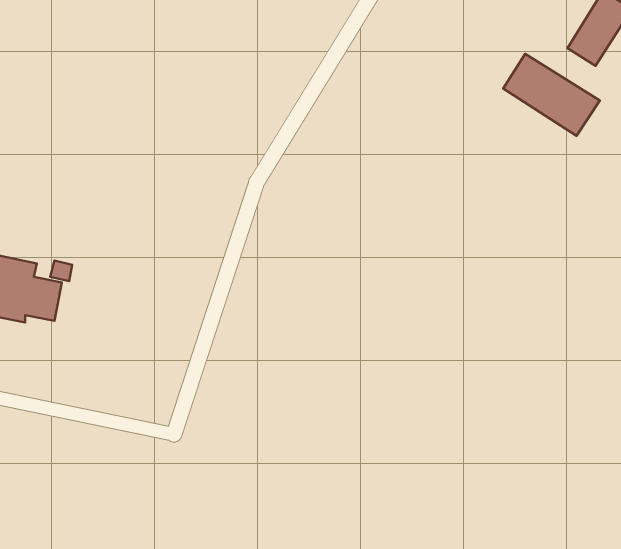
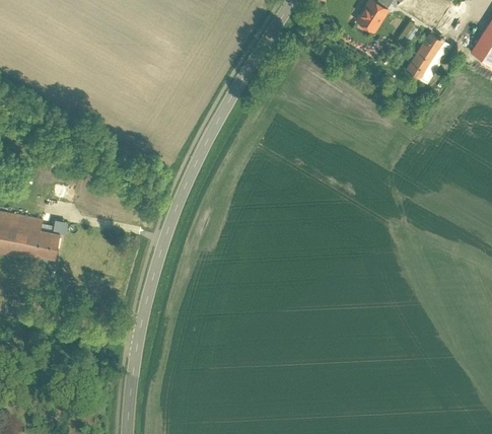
building: [503,54,600,136] -> none

